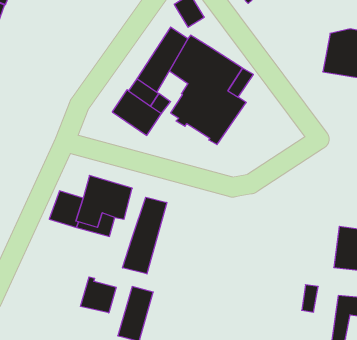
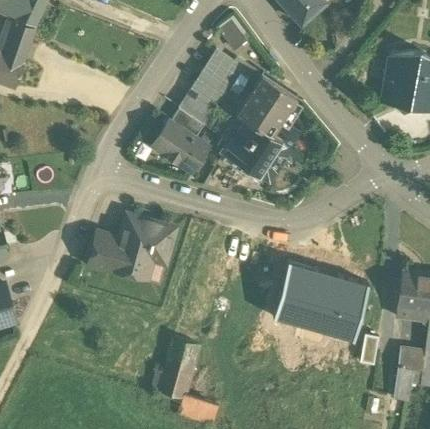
building: [123,197,167,274] -> none
building: none -> [273,261,368,338]
building: [81,277,116,313] -> none

